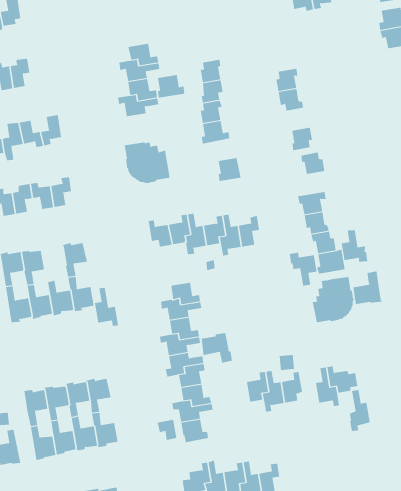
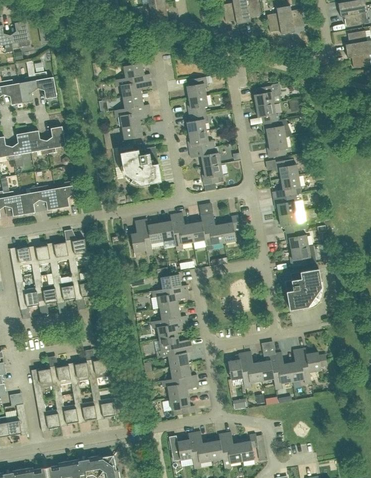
building: none -> [34,71,57,98]
building: [157,74,185,98] -> [122,124,147,145]
building: none -> [263,119,291,139]
building: none -> [189,146,220,166]
building: none -> [272,175,300,197]
building: [341,230,368,263] -> none
building: none -> [47,241,69,273]
building: [289,252,317,287] -> none
building: [353,270,383,305] -> none
building: [94,287,119,327] -> [131,219,153,254]
building: [201,332,233,364] -> none
building: [349,390,371,431] -> [273,351,292,388]

